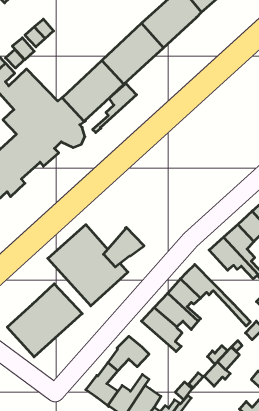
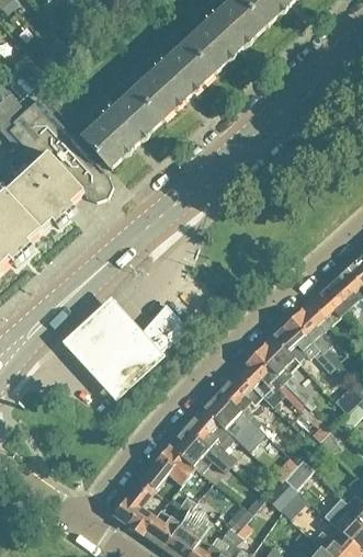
building: [93,83,137,133] -> none
building: none -> [254,334,308,403]
building: [7,284,82,357] -> none
building: none -> [169,427,230,474]

